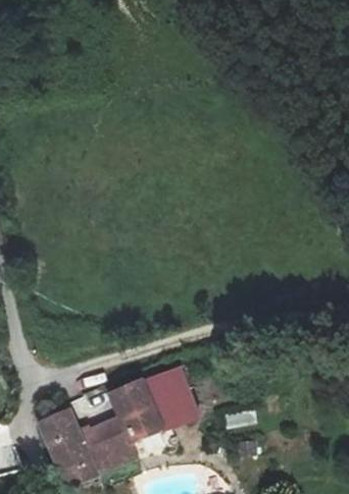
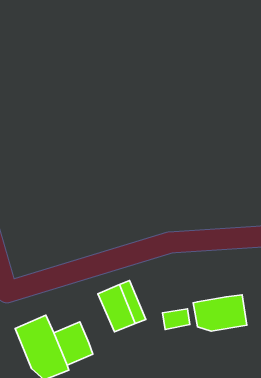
building: [111,381,163,441] -> none
building: none -> [193,295,247,331]

